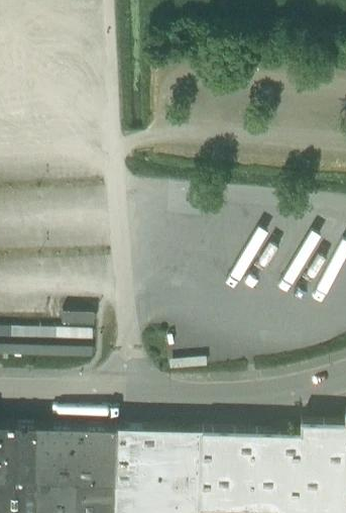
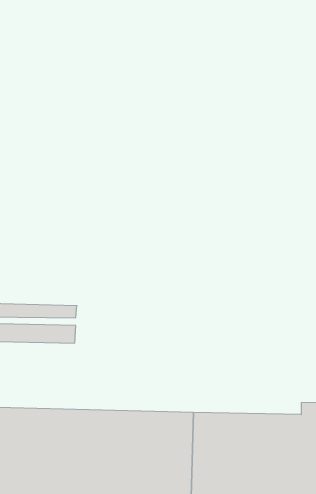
building: [62,315,96,332] -> none

